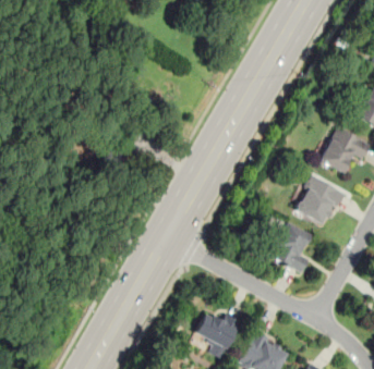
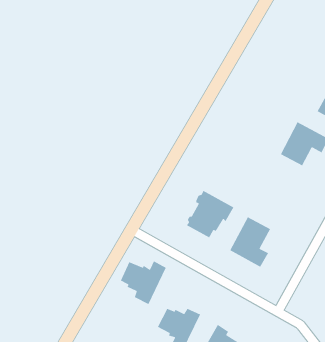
building: [295,175,345,224] -> [186,190,234,238]
building: none -> [120,260,167,305]

